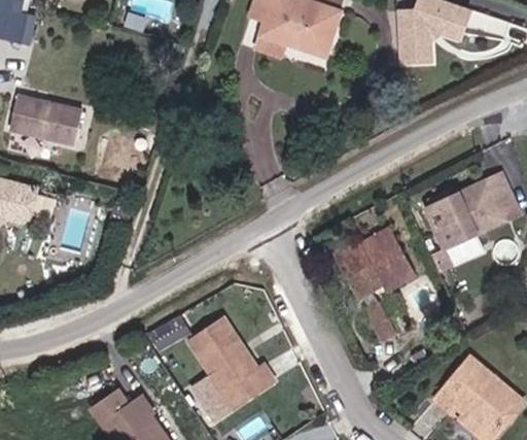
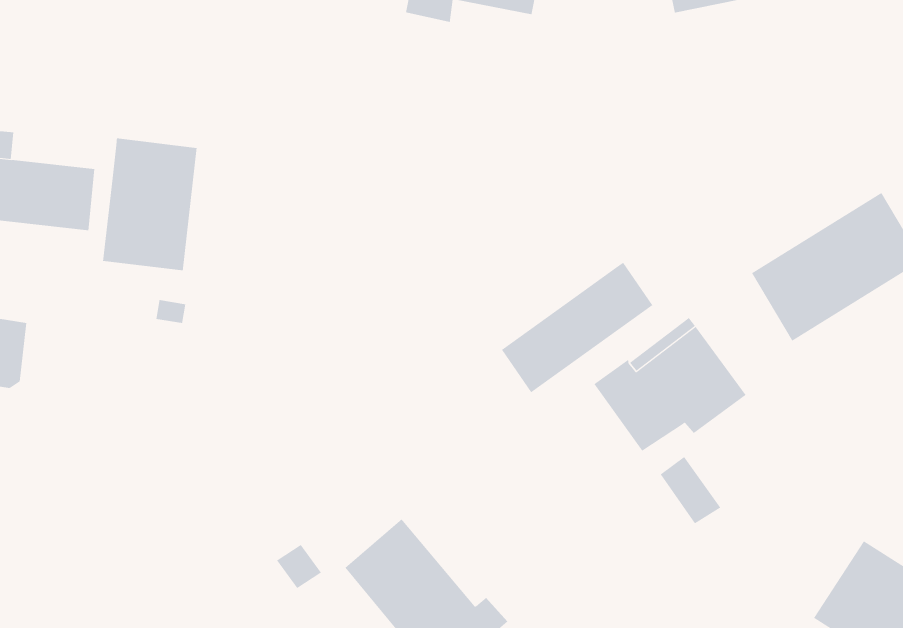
building: none -> [103,137,197,271]
building: none -> [501,262,653,393]

